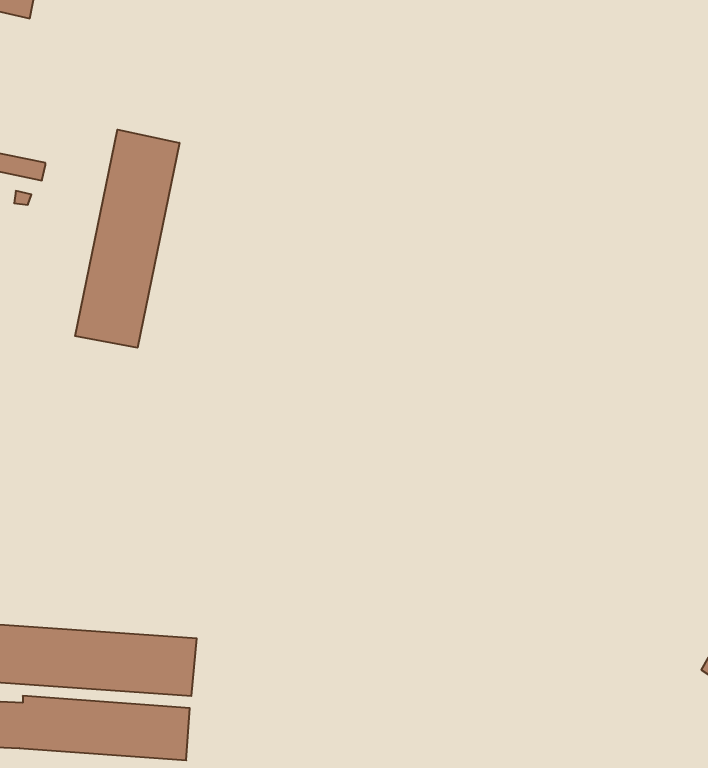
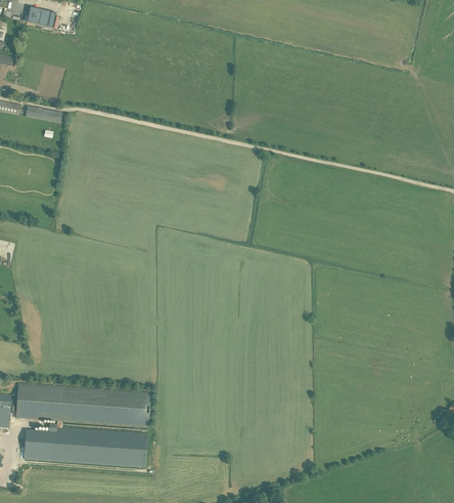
building: [75,130,179,348] -> none

